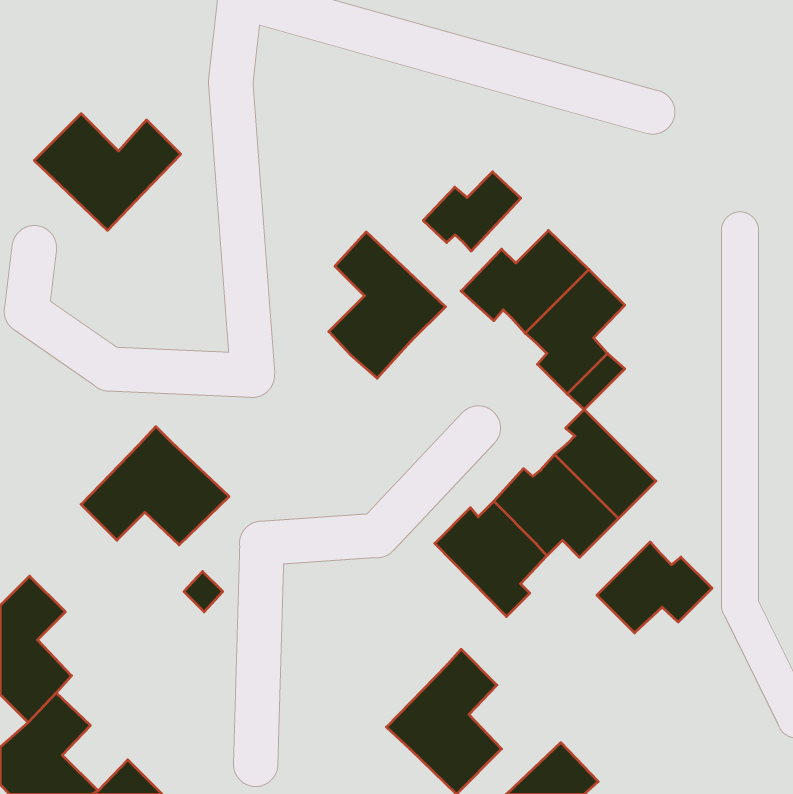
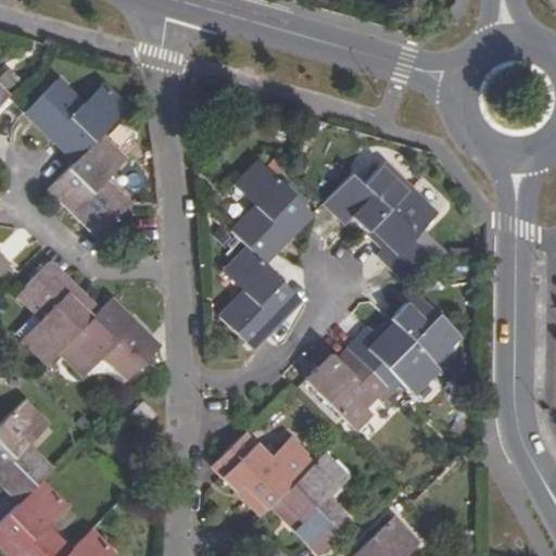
building: [423,172,521,251] -> none
building: none -> [50,135,131,237]
building: none -> [219,248,300,349]
building: none -> [18,264,99,364]
building: [597,542,712,633] -> none
building: none -> [214,434,314,516]

